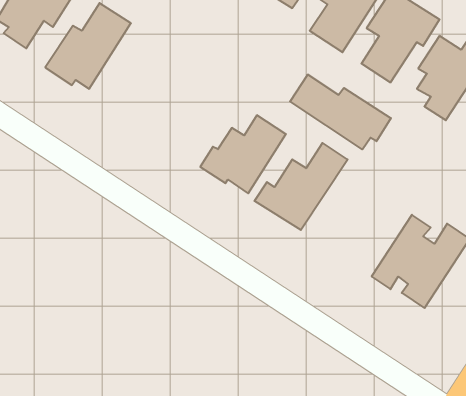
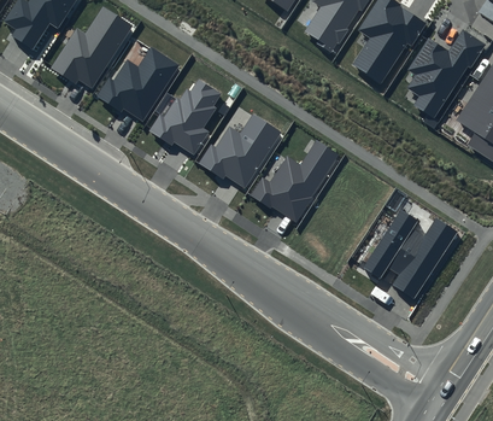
building: none -> [98,45,180,119]
building: [290,74,391,149] -> none
building: none -> [149,78,221,153]

